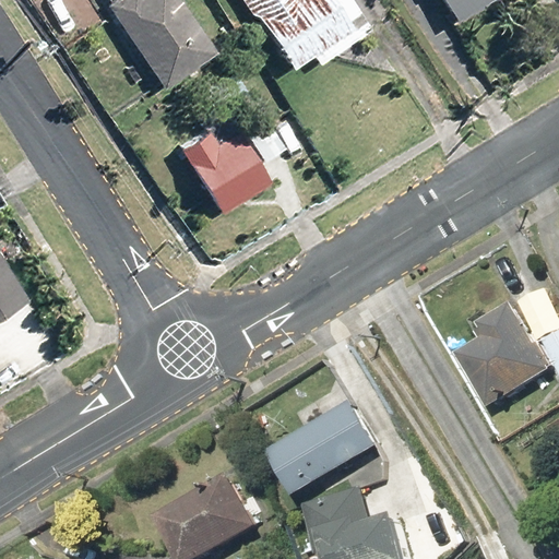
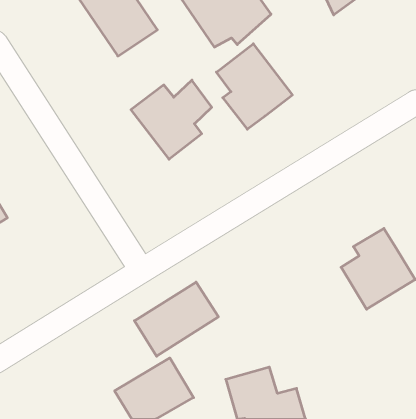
building: none -> [216,44,292,129]
building: [265,400,377,498] -> [134,282,218,356]

